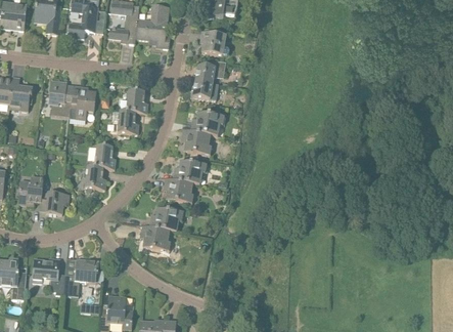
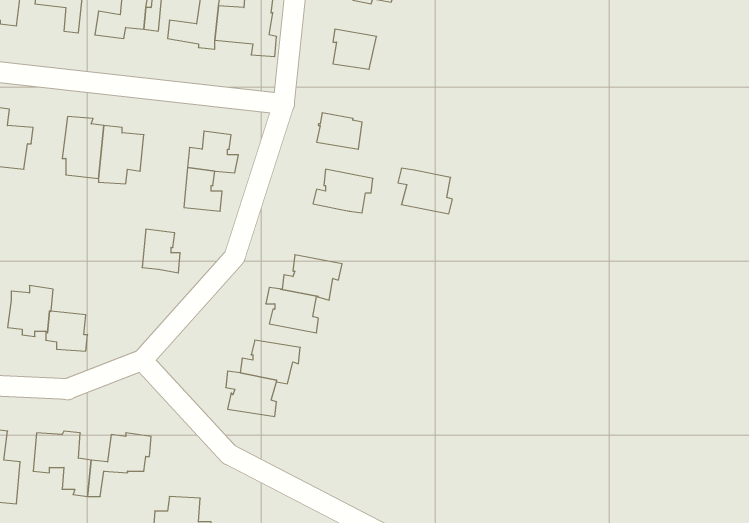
building: [195,59,226,82] -> none
building: [181,129,212,155] -> [398,168,452,214]
building: [85,165,106,190] -> none

